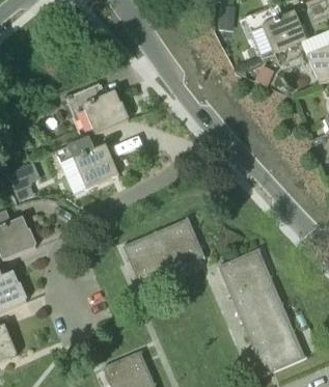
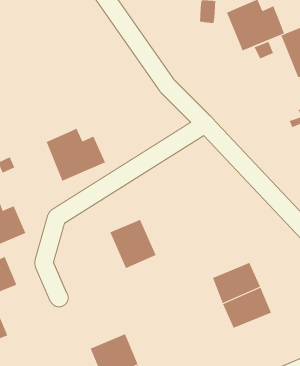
building: [61,84,129,140] -> none
building: [156,219,203,270] -> none
building: [218,249,270,294] -> none
building: [252,330,305,375] -> none

